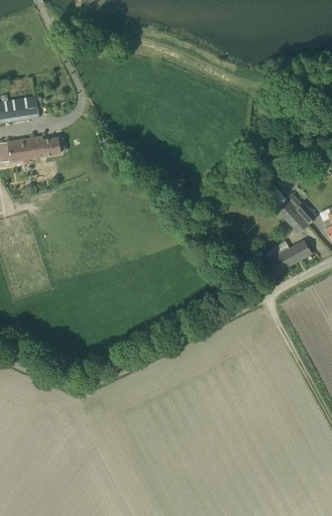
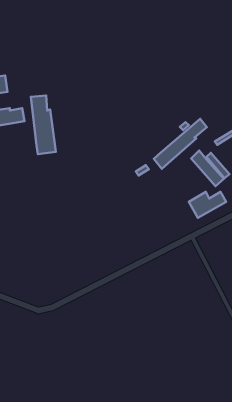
building: none -> [31,95,56,154]
building: none -> [154,119,207,169]

